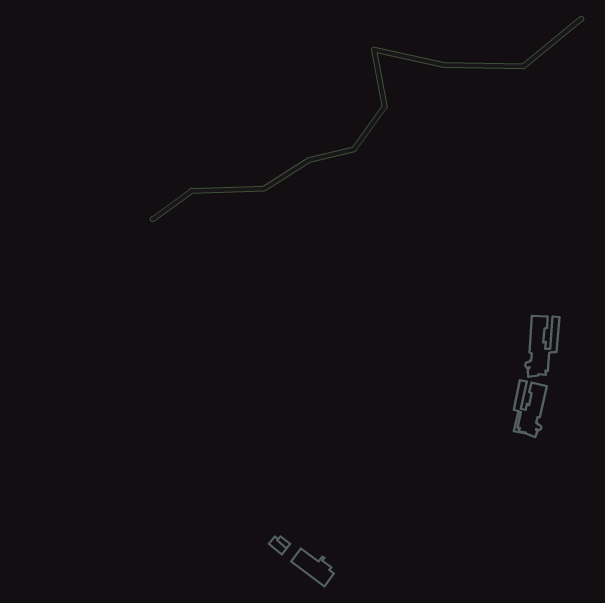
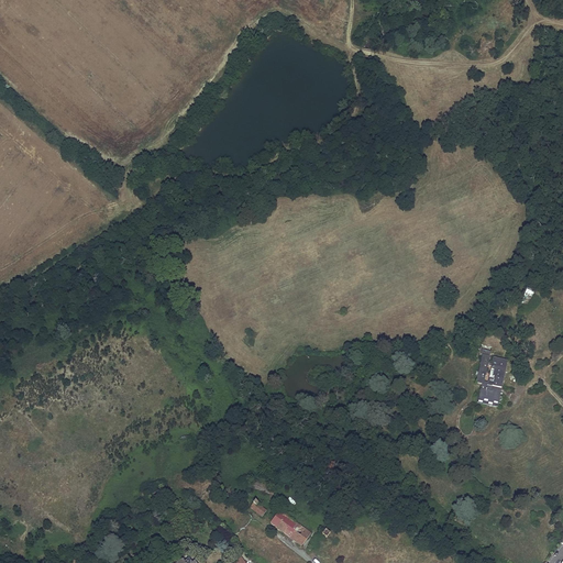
building: [525,316,560,377] -> none

